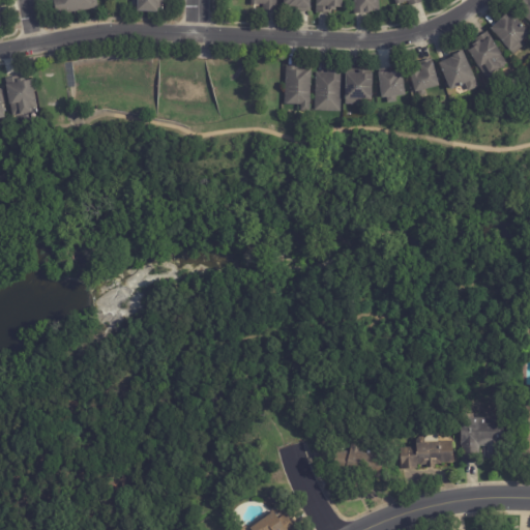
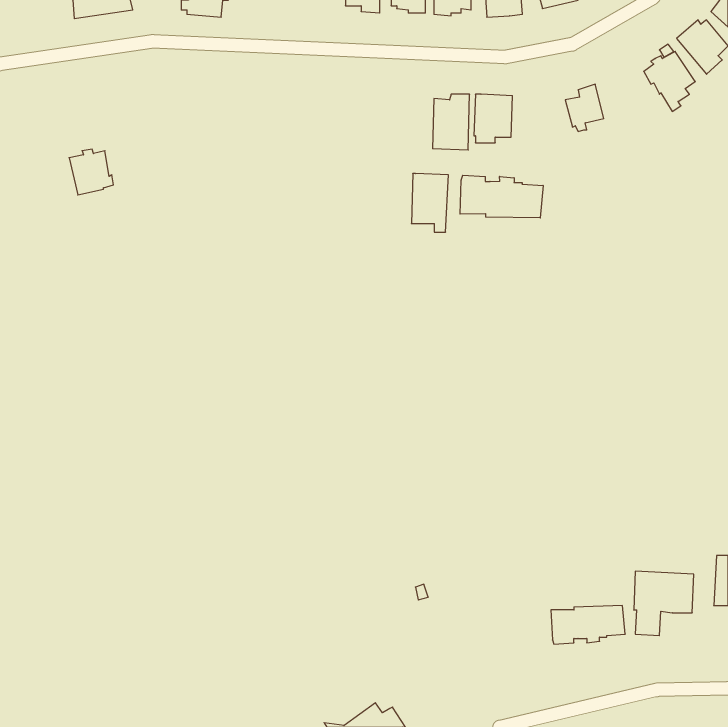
building: [439,51,477,90] -> none
building: [284,65,311,108] -> [411,174,448,232]
building: [378,70,404,102] -> none
building: [4,79,36,112] -> [69,149,113,195]
building: none -> [460,175,543,218]
building: [331,440,384,476] -> none

